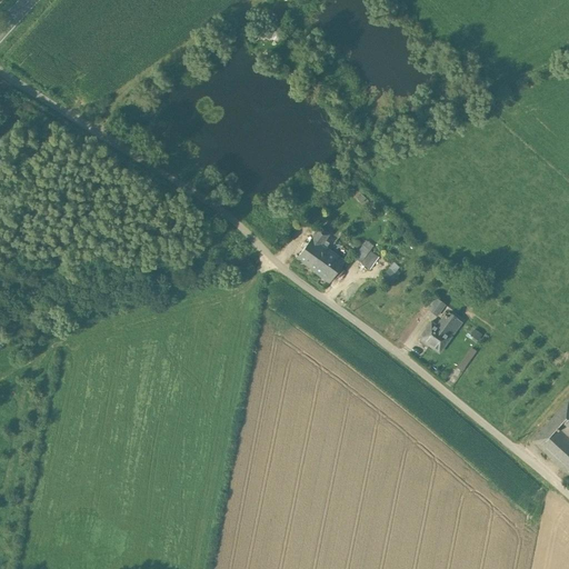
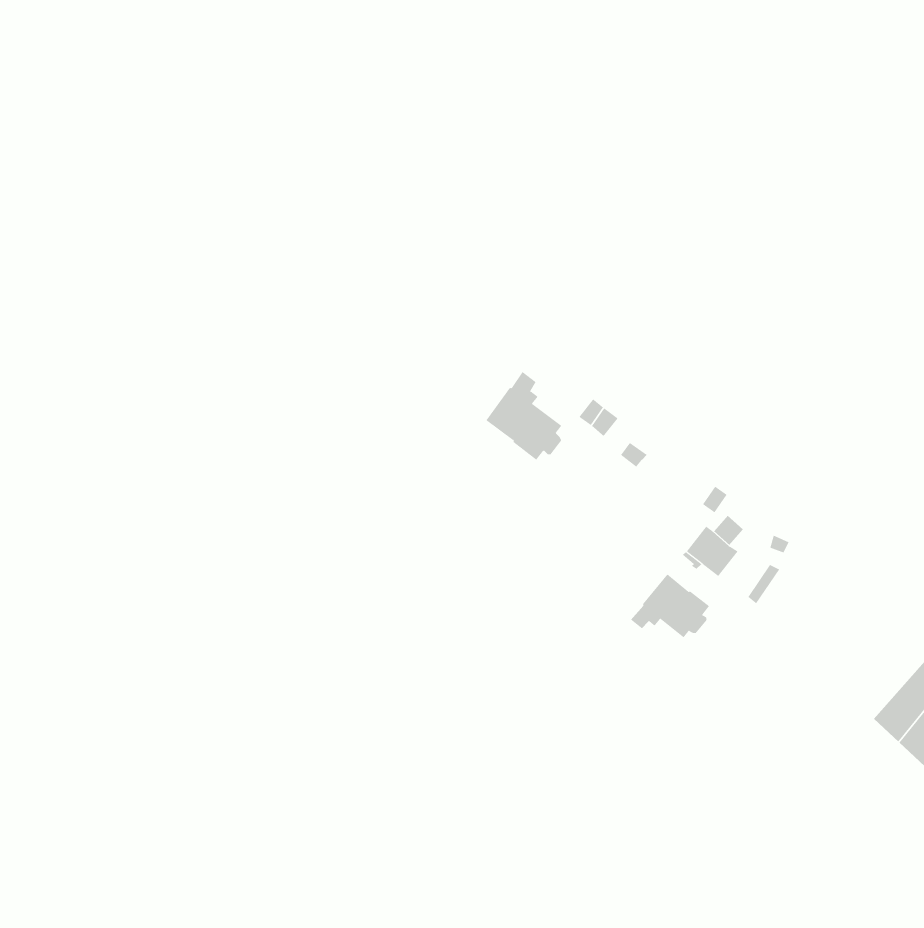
building: none -> [630,574,710,638]

